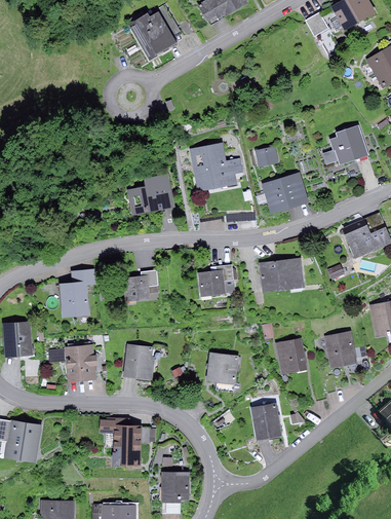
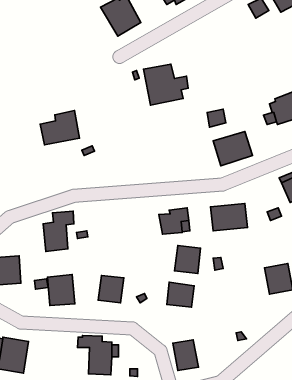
building: [189,143,242,192] -> [144,64,188,105]
building: [126,174,173,215] -> [40,111,80,145]
building: [122,270,157,302] -> none
building: none -> [174,245,200,273]
building: [274,337,307,374] -> none
building: [250,403,281,440] -> [173,340,198,371]

